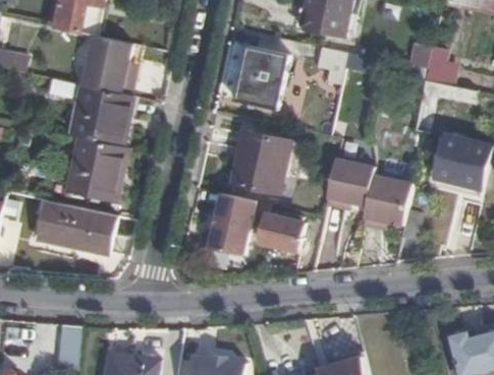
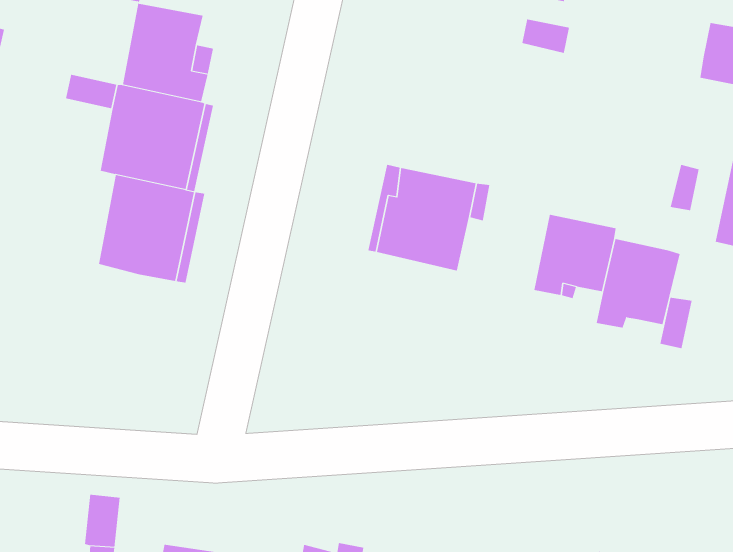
building: [232,47,288,109] -> none
building: [209,193,256,255] -> none
building: [39,199,115,253] -> none
building: [260,213,303,250] -> none

